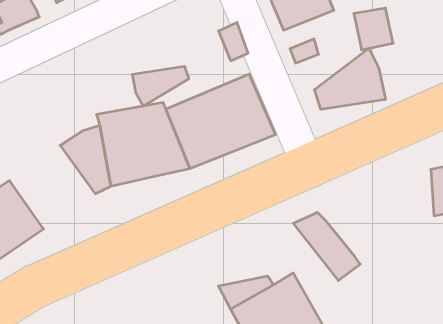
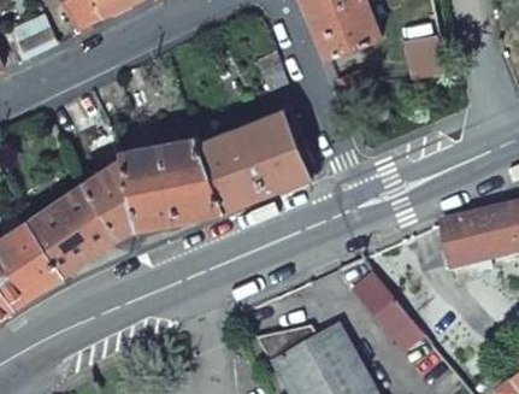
building: [315,48,385,109] -> none
building: [132,66,189,106] -> none
building: none -> [28,183,122,275]
building: none -> [442,210,493,269]

